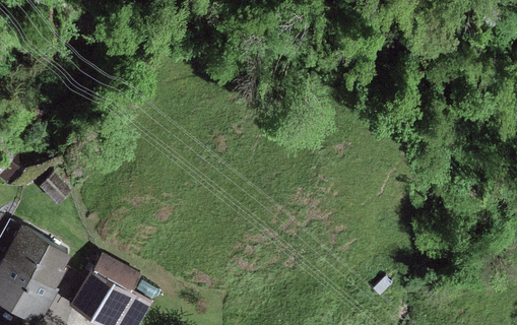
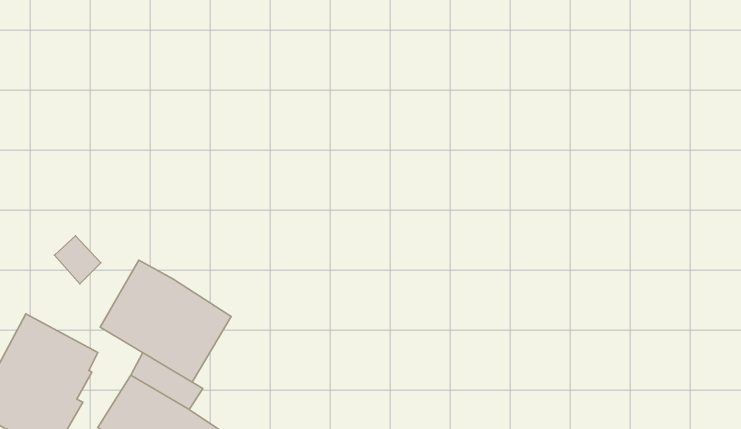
building: none -> [100,260,231,382]

